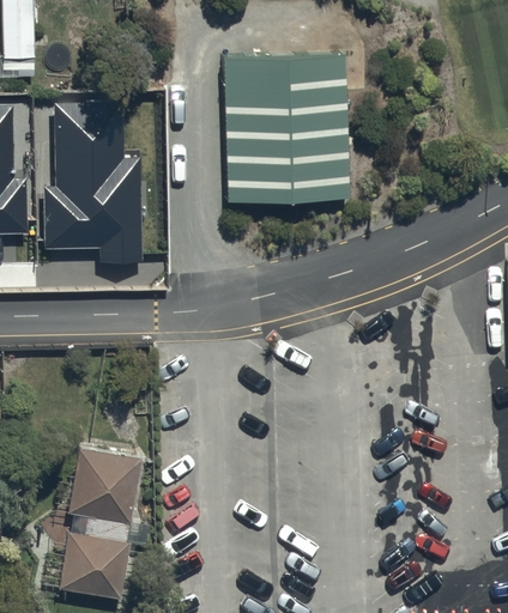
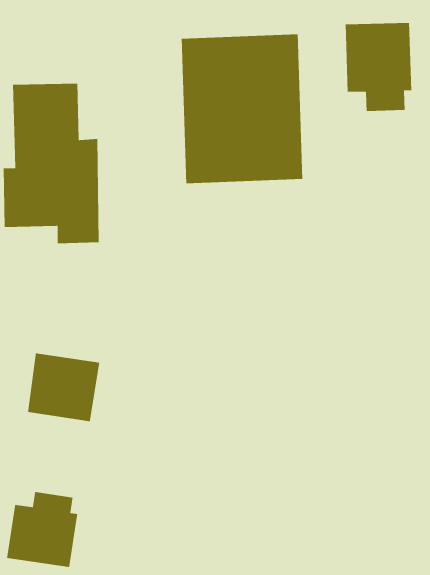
building: none -> [345,22,412,112]
building: [59,448,133,518] -> [27,353,100,422]

